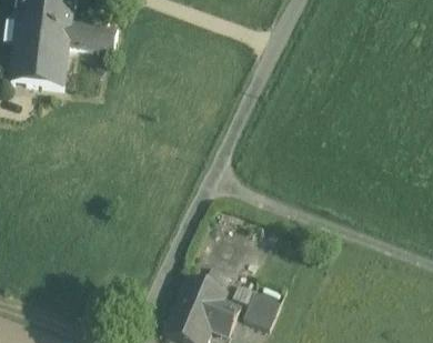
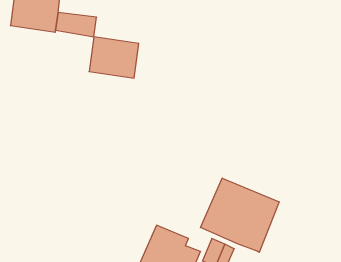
building: [10,37,69,85] -> [89,37,139,78]
building: none -> [201,178,279,252]

